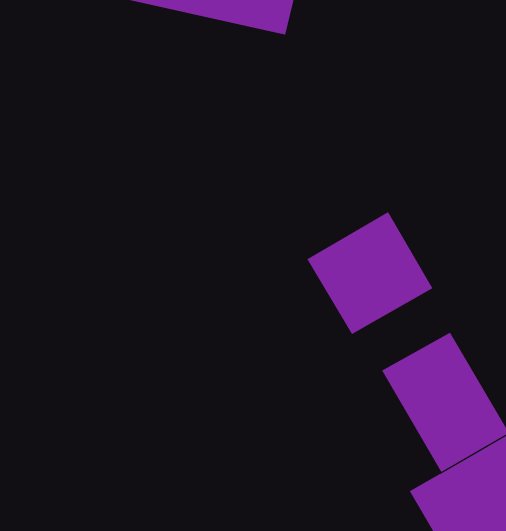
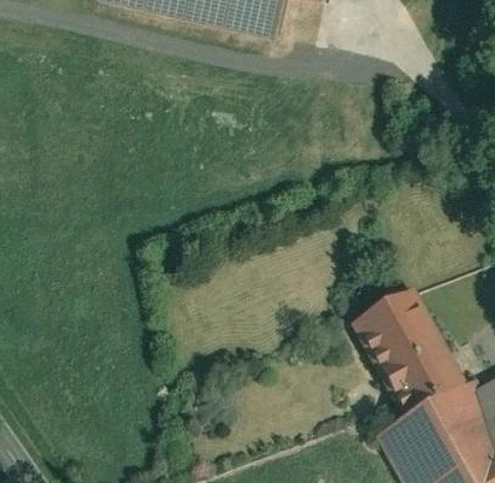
building: [306,211,433,335] -> none

